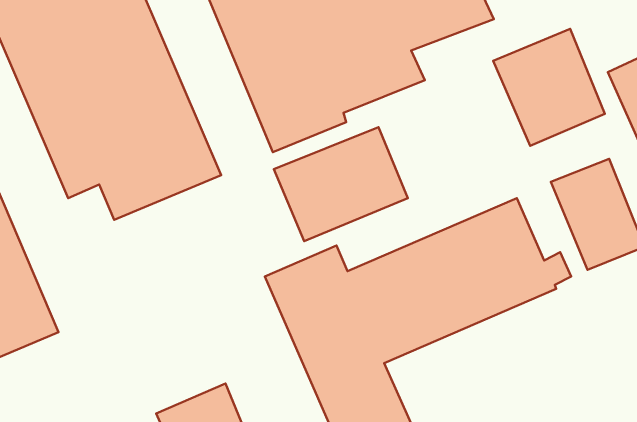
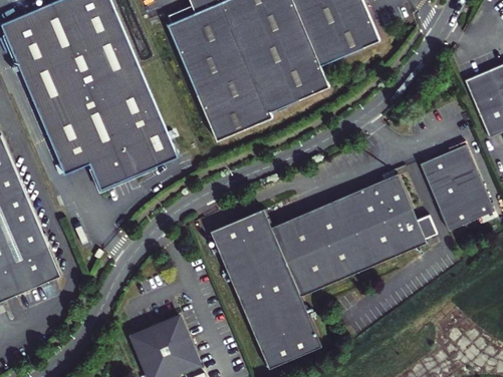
building: [493,29,605,146] -> none
building: [274,127,408,241] -> none

